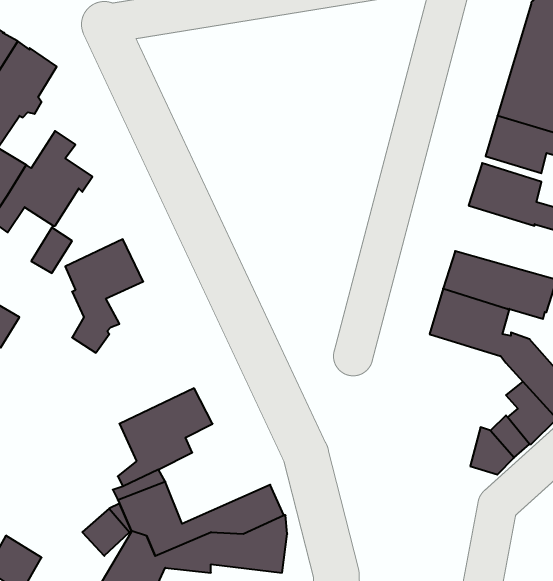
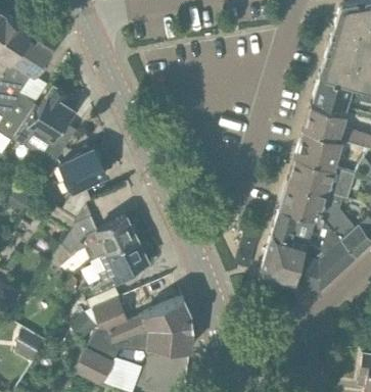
building: none -> [295,130,343,168]
building: none -> [51,207,138,268]
building: none -> [261,207,323,285]

